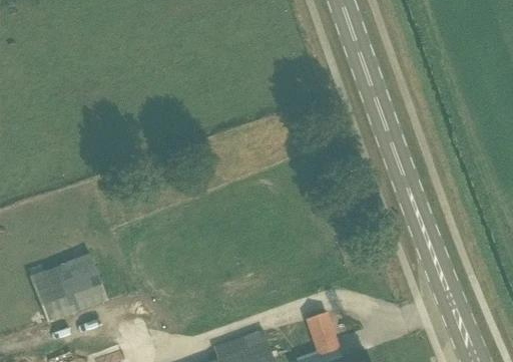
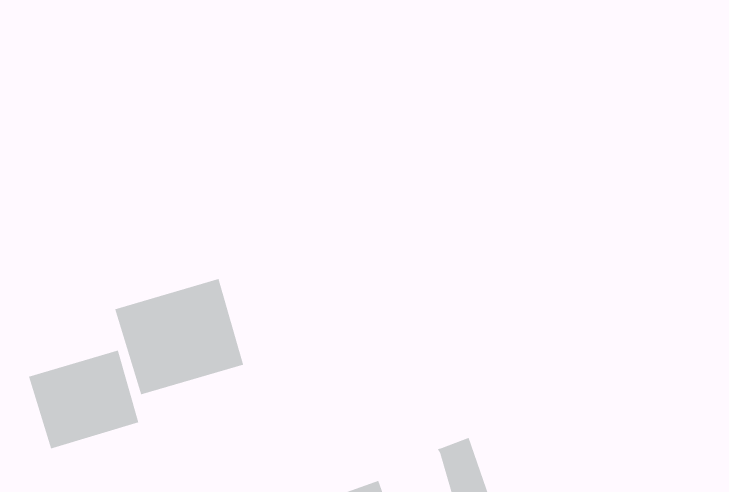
building: none -> [114,278,244,395]

